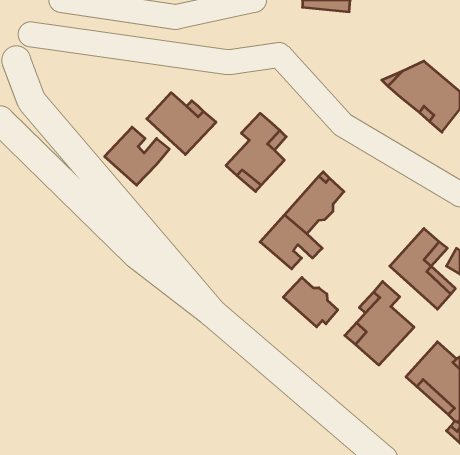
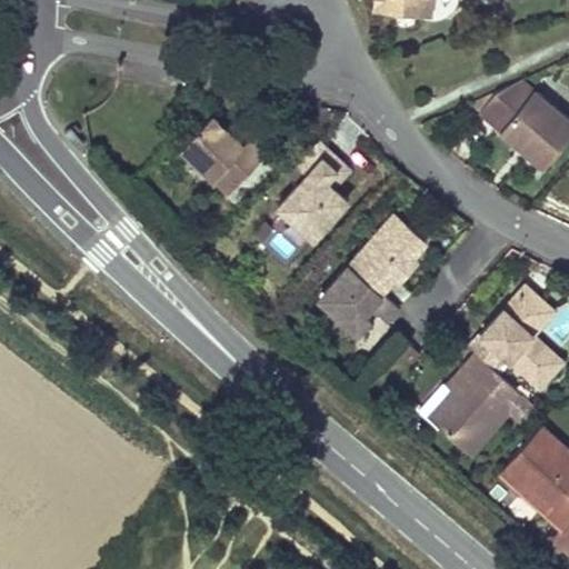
building: [105,127,169,185] -> none
building: [283,277,338,327] -> none

